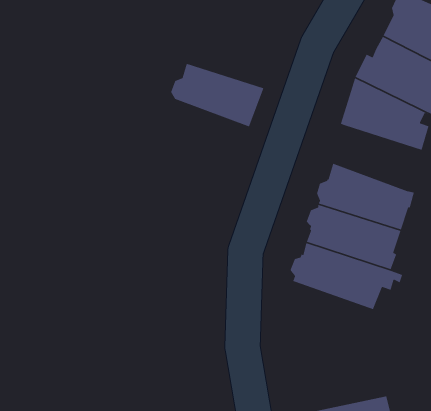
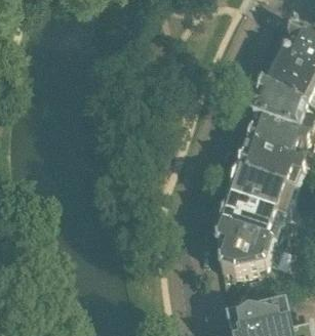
building: [170,63,264,128] -> [239,117,305,162]
building: none -> [207,224,276,275]

